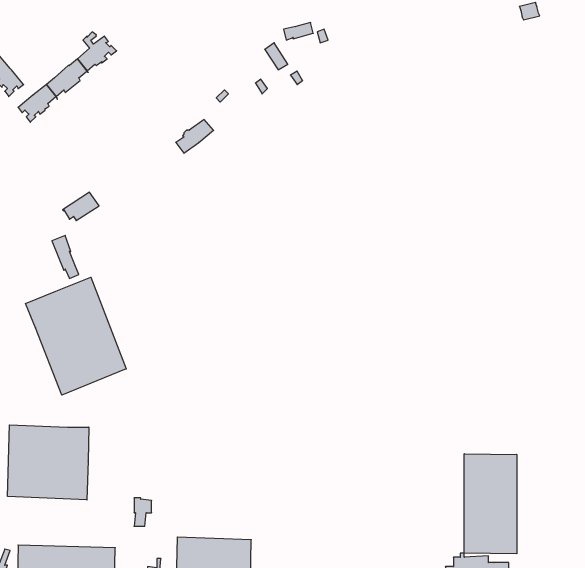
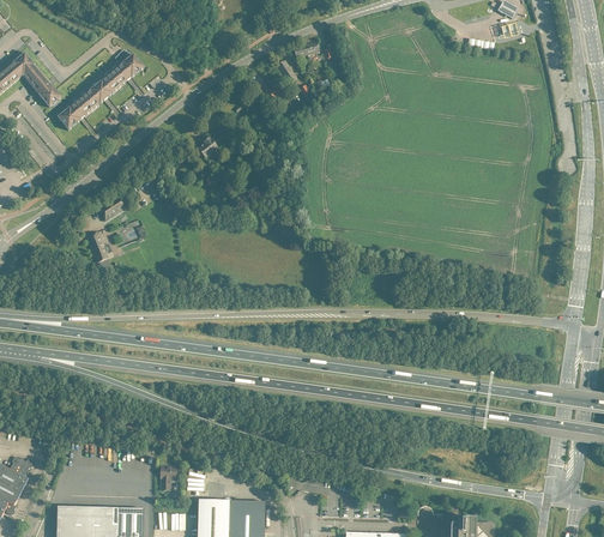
building: [25,277,126,395] -> none
building: [8,425,89,500] -> none
building: [464,454,517,554] -> none

